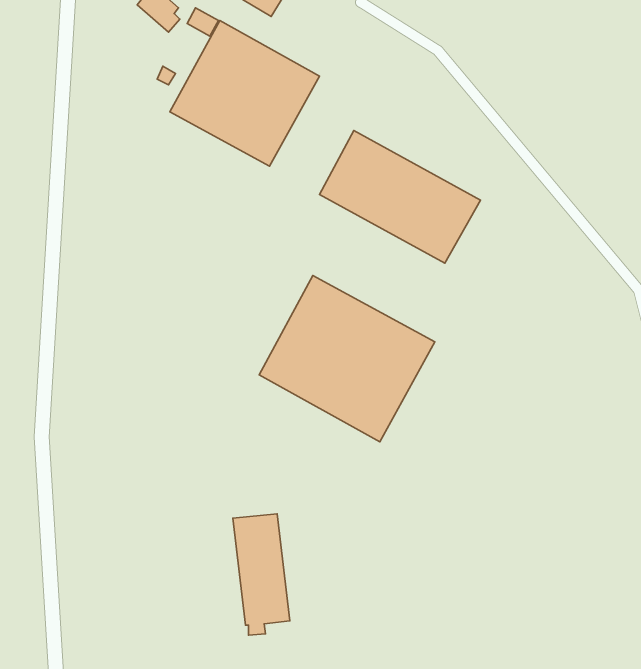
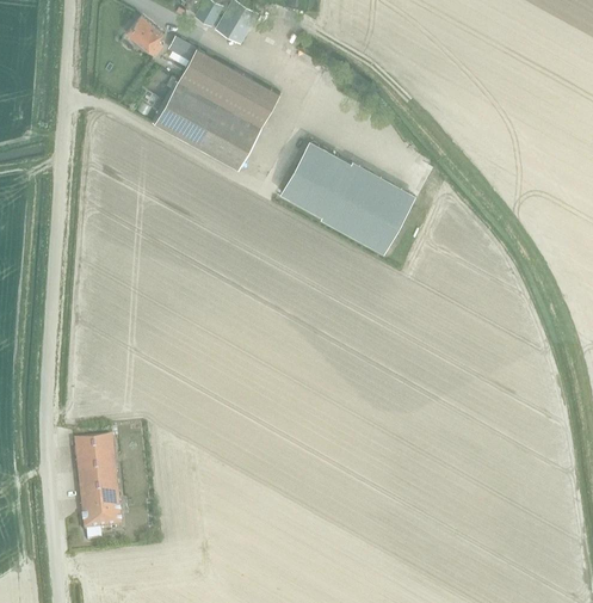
building: [259,276,435,442] -> none
building: [233,514,290,635] -> [74,439,122,541]

